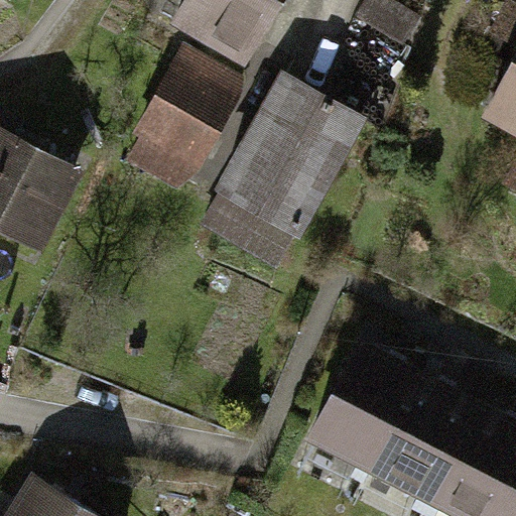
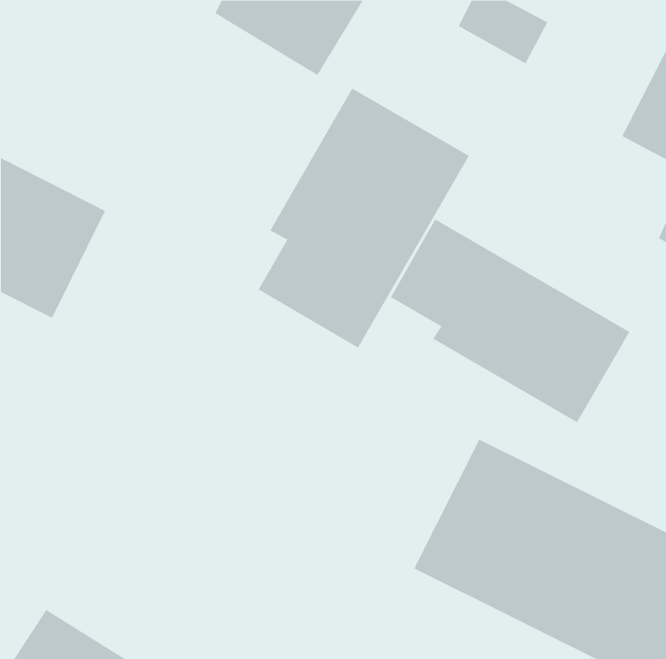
building: [127,49,243,197] -> none
building: none -> [390,219,630,423]

